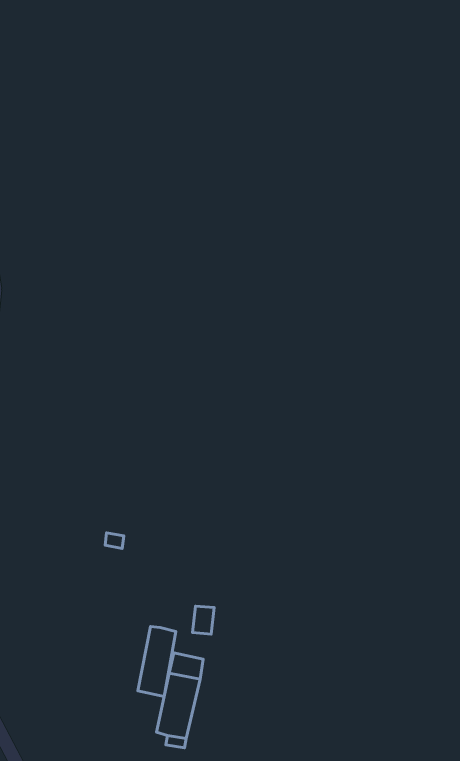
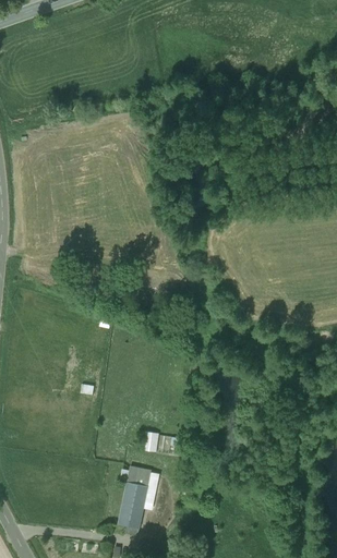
building: [138,626,176,697] -> none

